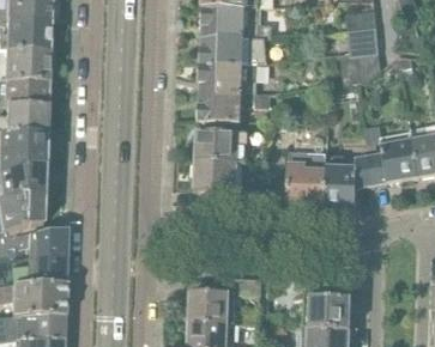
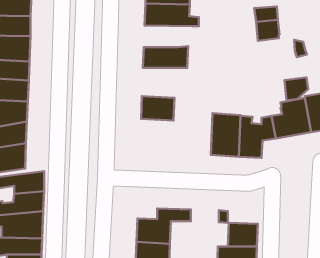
building: [199,35,264,63] -> none
building: [350,51,381,81] -> [285,78,308,100]
building: [197,91,270,121] -> none
building: [194,158,250,205] -> none

